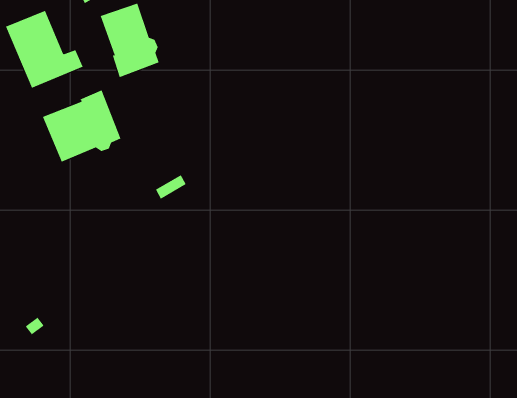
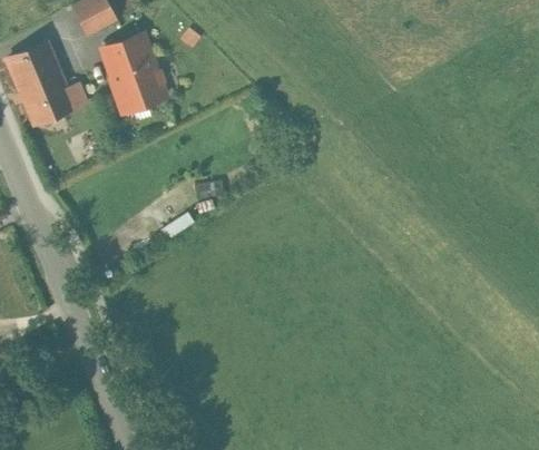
building: [42,89,121,163] -> none

